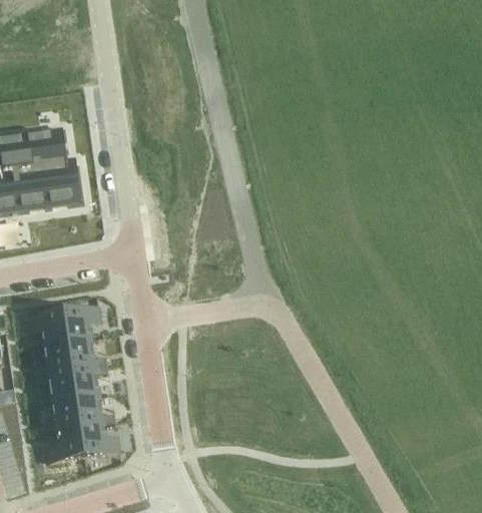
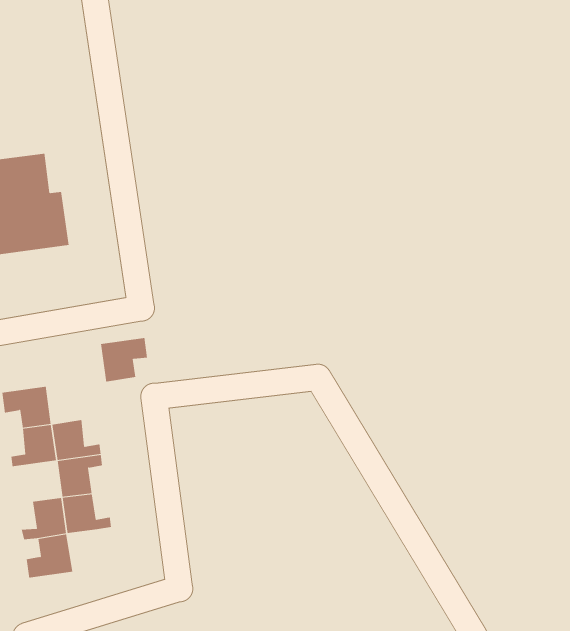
building: [63,306,100,341] -> [100,337,148,382]
building: [36,369,75,401] -> none
building: [79,423,119,456] -> none

